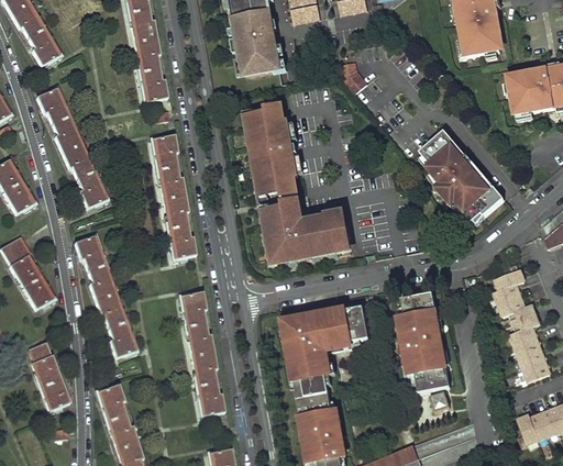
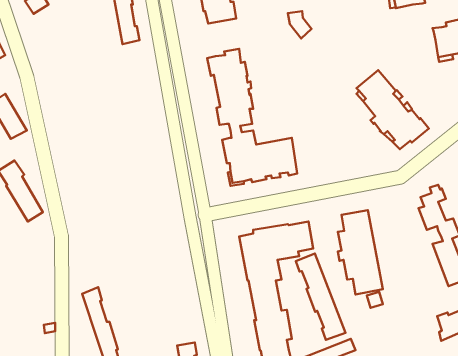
building: [37,87,106,204] -> none
building: [153,134,195,257] -> none
building: [75,234,134,354] -> none
building: [181,291,222,413] -> none
building: [29,341,69,408] -> none
building: none -> [296,253,345,340]

